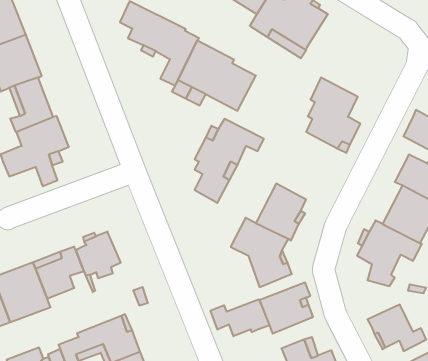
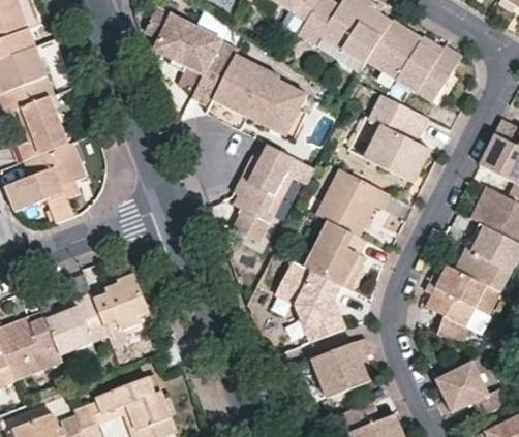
building: none -> [366,20,462,102]
building: none -> [316,168,392,236]
building: [211,299,269,336] -> none

